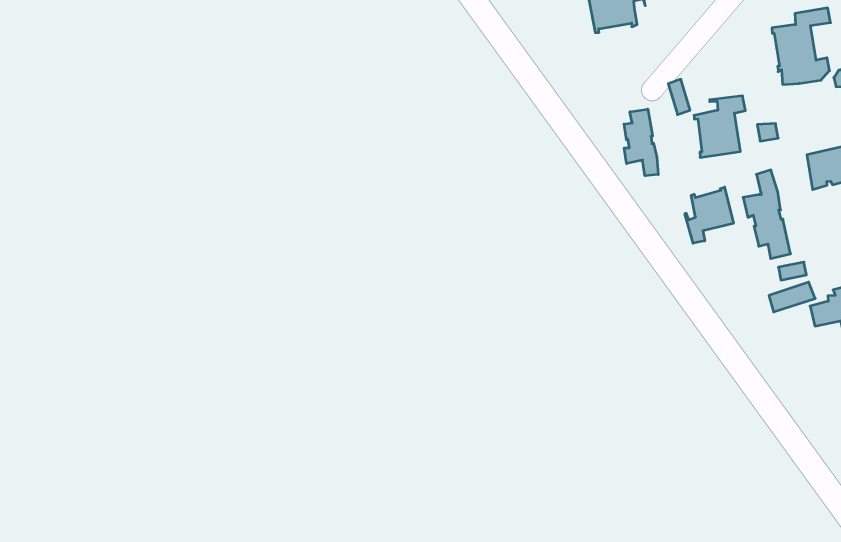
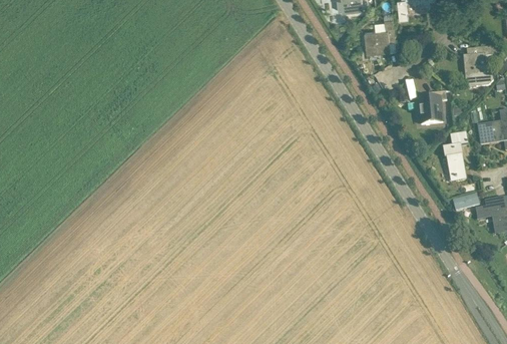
building: [624,109,658,176] -> none
building: [685,187,733,243] -> none

